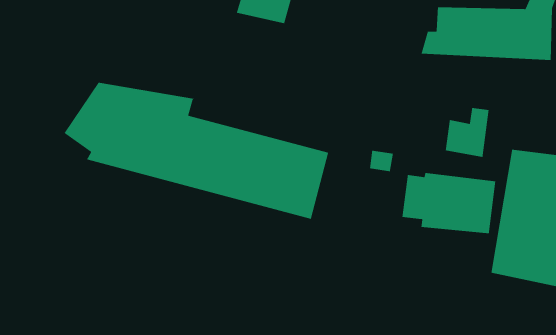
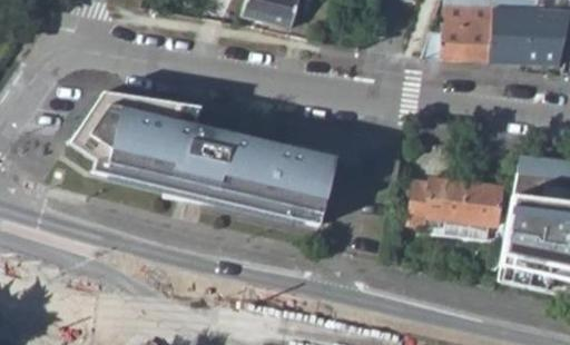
building: [445,107,489,158] -> none

